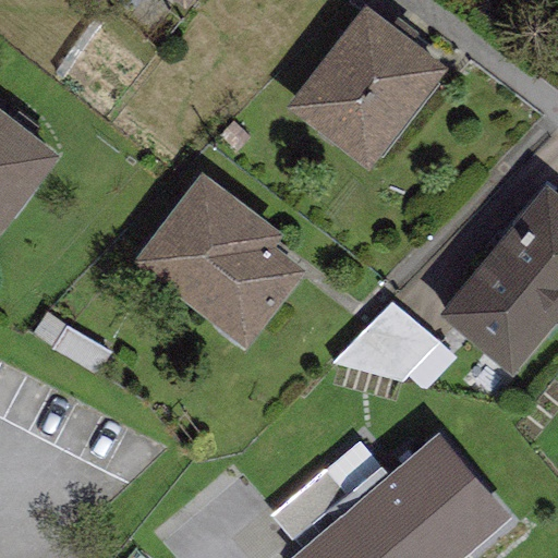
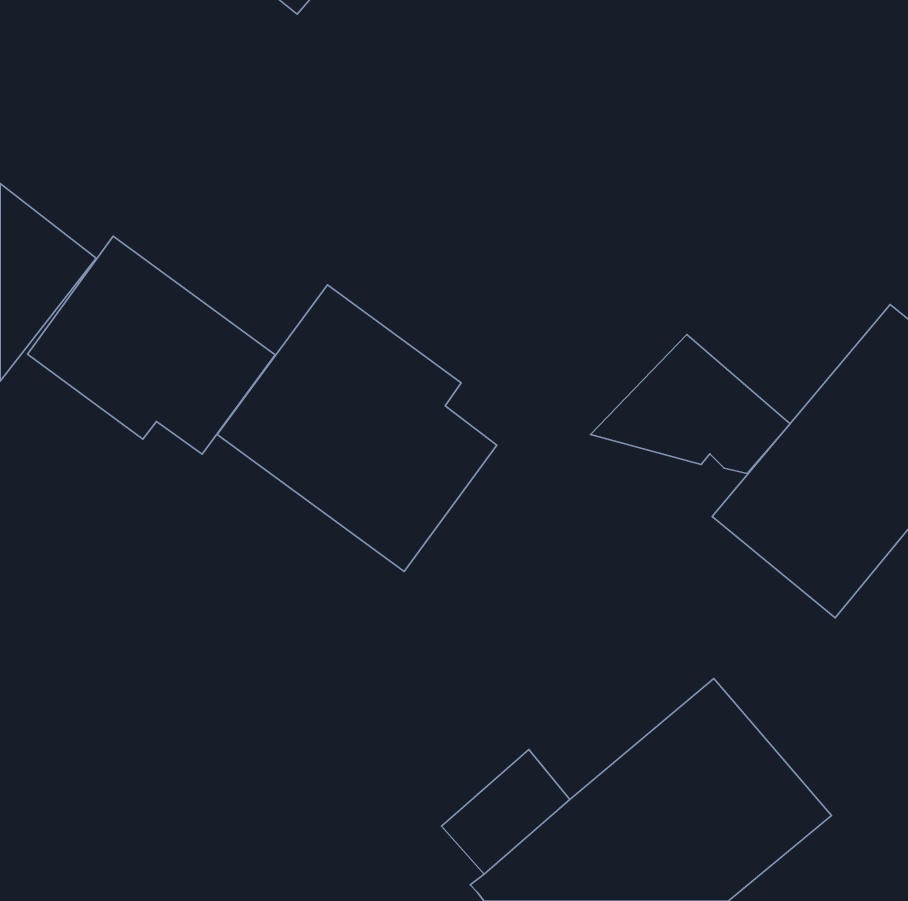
building: [286,8,446,171] -> none
building: none -> [27,236,275,454]
building: [335,301,457,386] -> [591,335,790,474]

